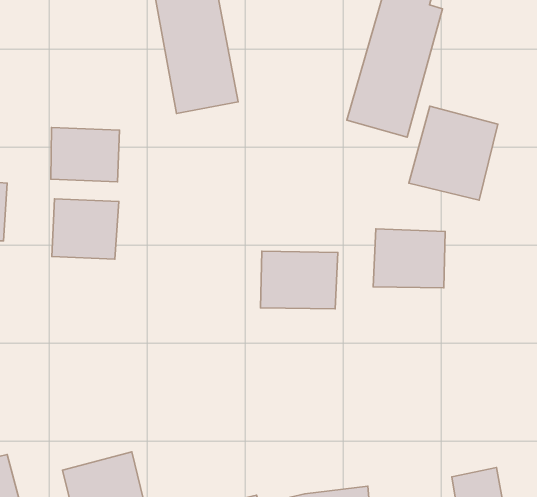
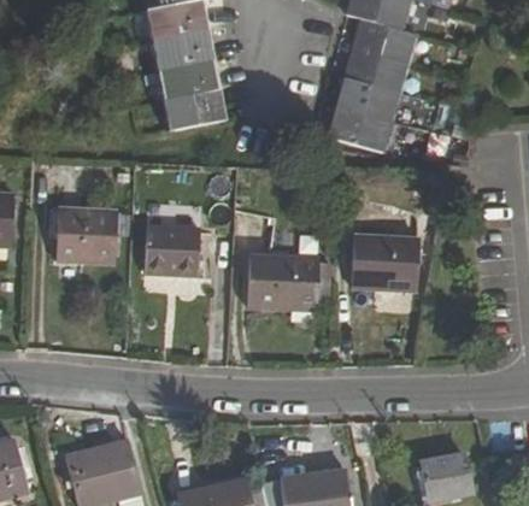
building: [409,106,498,200] -> none
building: [51,127,119,182] -> none
building: none -> [145,225,201,275]

